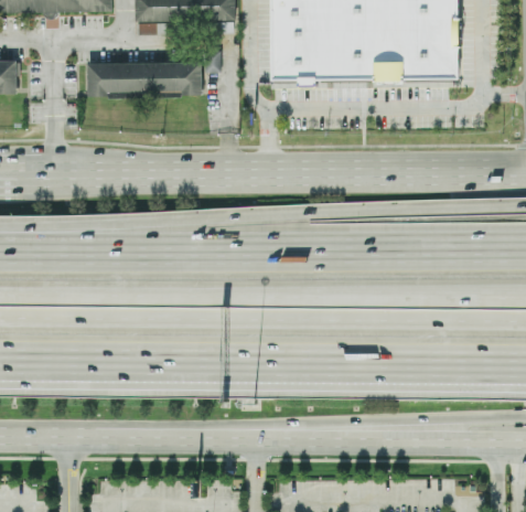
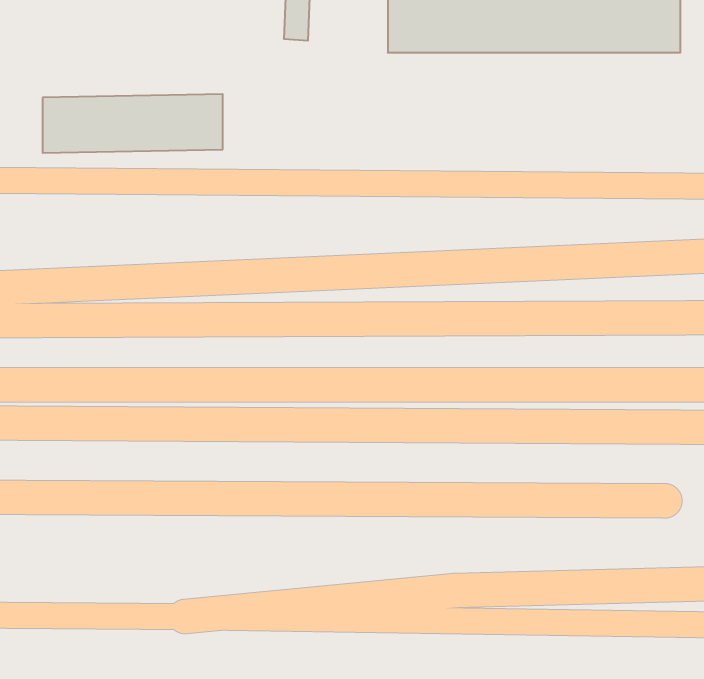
building: [87,60,202,97] -> [43,94,223,153]

